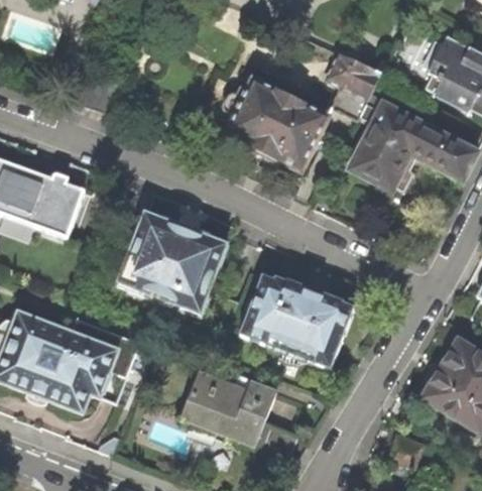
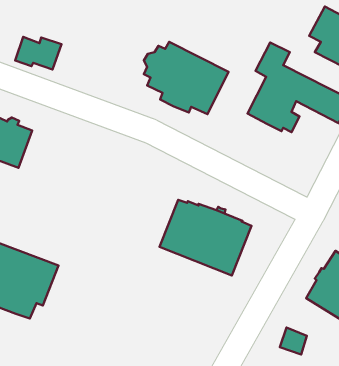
building: [329,51,381,118] -> none
building: [118,211,228,313] -> none
building: [182,369,298,457] -> none

